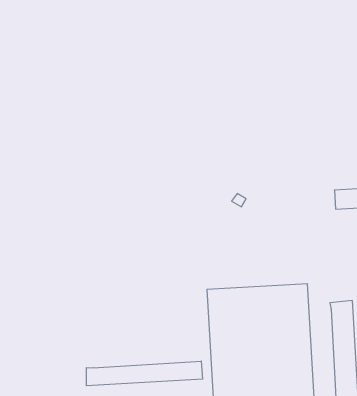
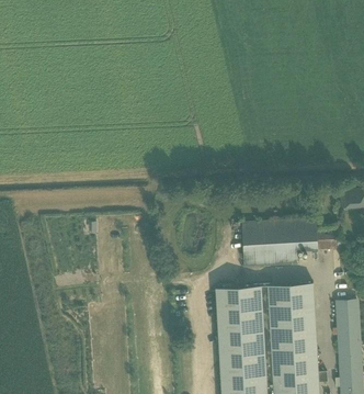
building: none -> [241,218,343,268]
building: [86,361,203,386] -> none

